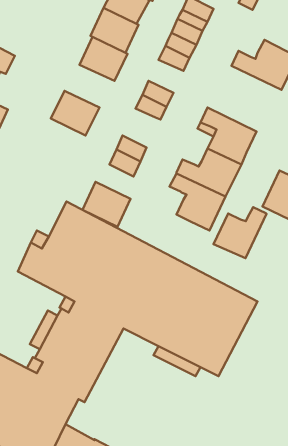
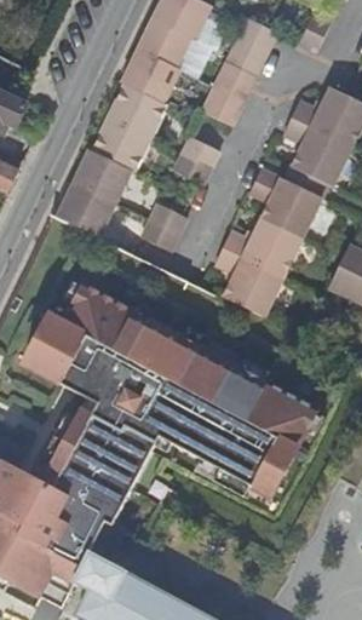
building: none -> [91,116,149,170]
building: none -> [283,117,351,186]
building: [83,182,130,227] -> [56,182,114,236]
building: [214,207,266,258] -> none

